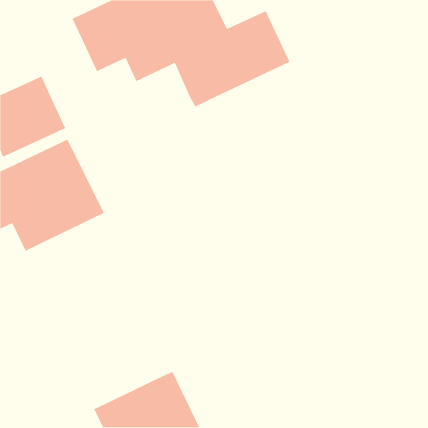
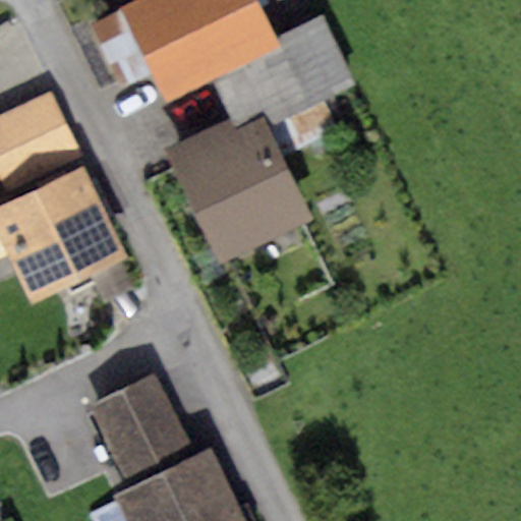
building: none -> [164,117,311,266]
building: none -> [88,372,196,488]

